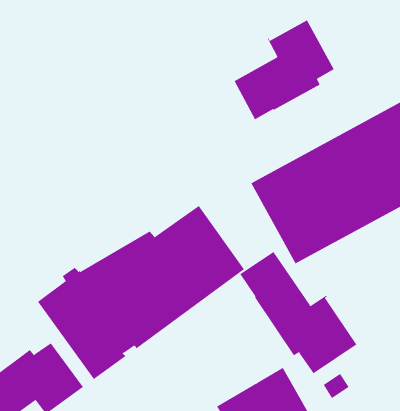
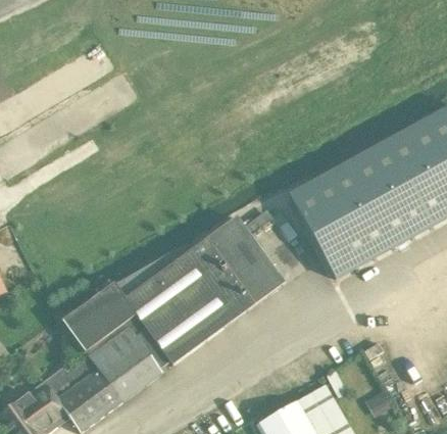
building: [234,19,334,120] -> none
building: [239,251,357,374] -> none

